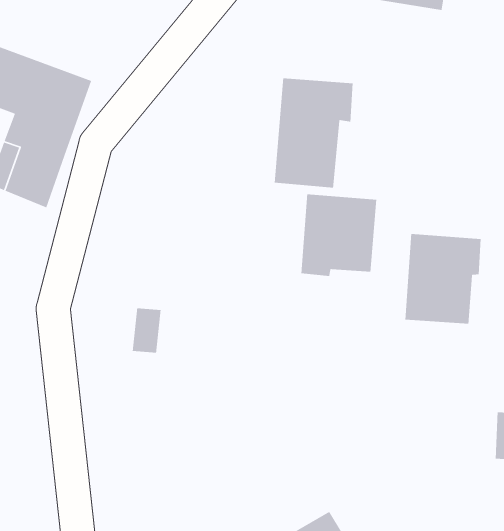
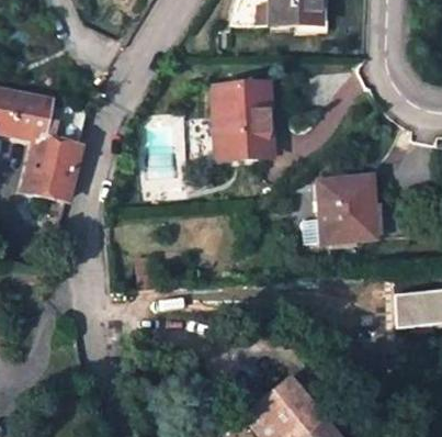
building: [300,193,377,277] -> none

